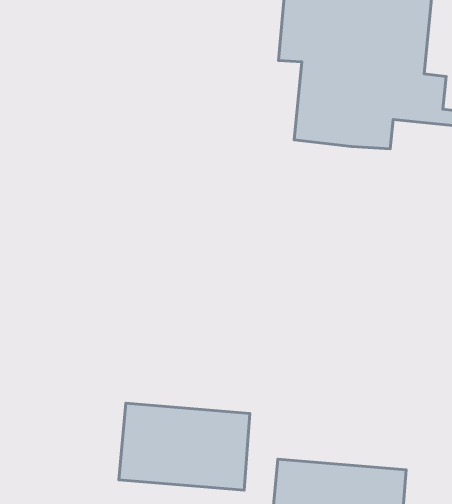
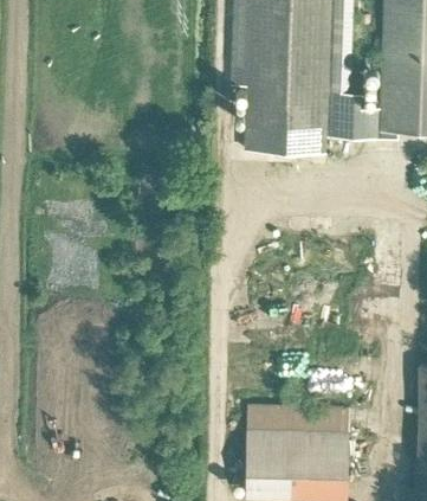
building: [119,403,250,490] -> none

